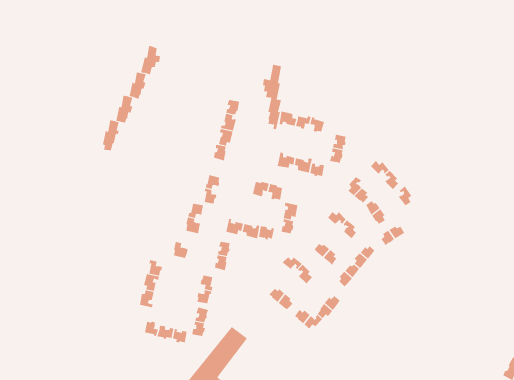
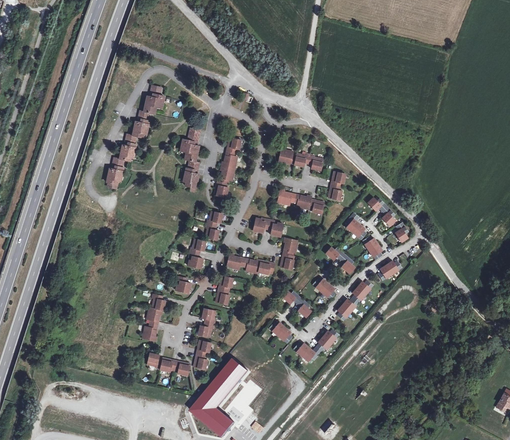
building: [262,64,282,130] -> [180,128,199,192]

